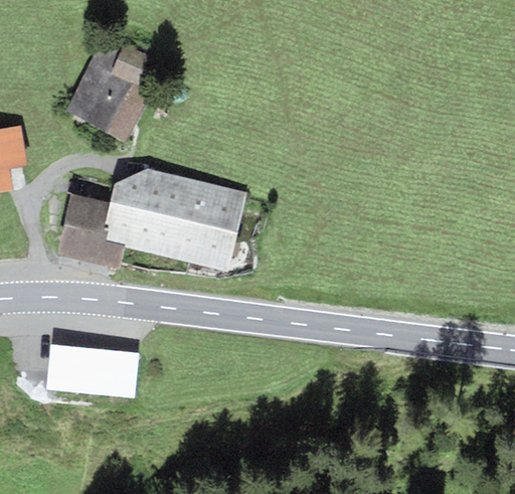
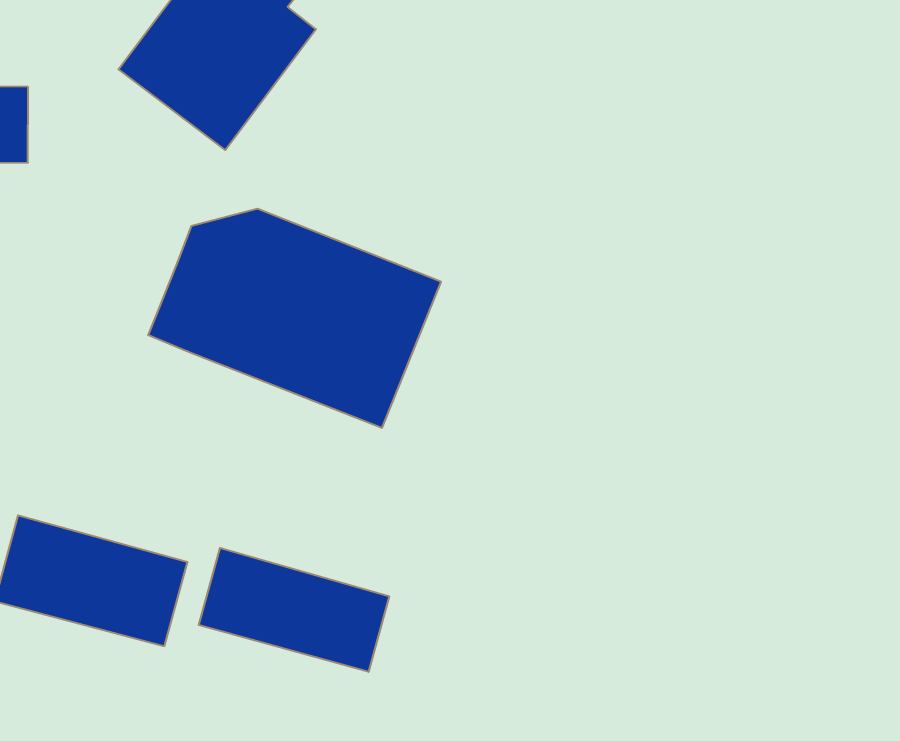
building: [56,194,123,269] -> none
building: none -> [199,548,389,672]

